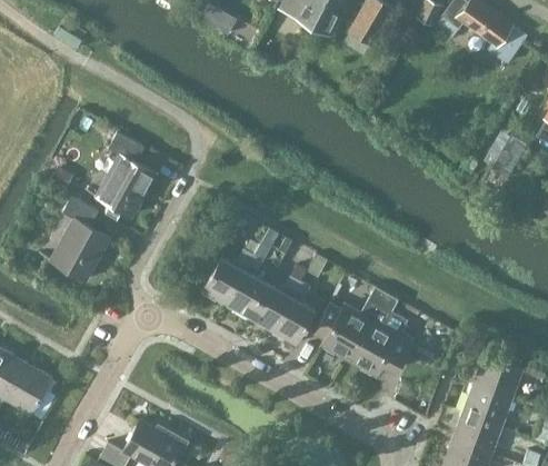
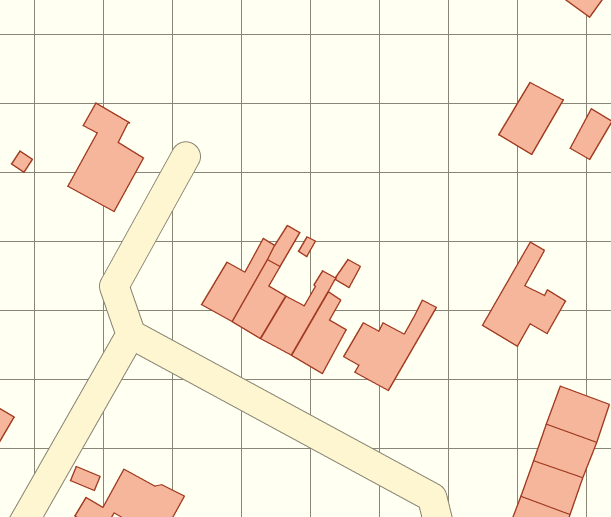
building: none -> [499,82,563,154]
building: [50,196,109,281] -> none
building: [348,293,414,375] -> [482,242,566,346]

